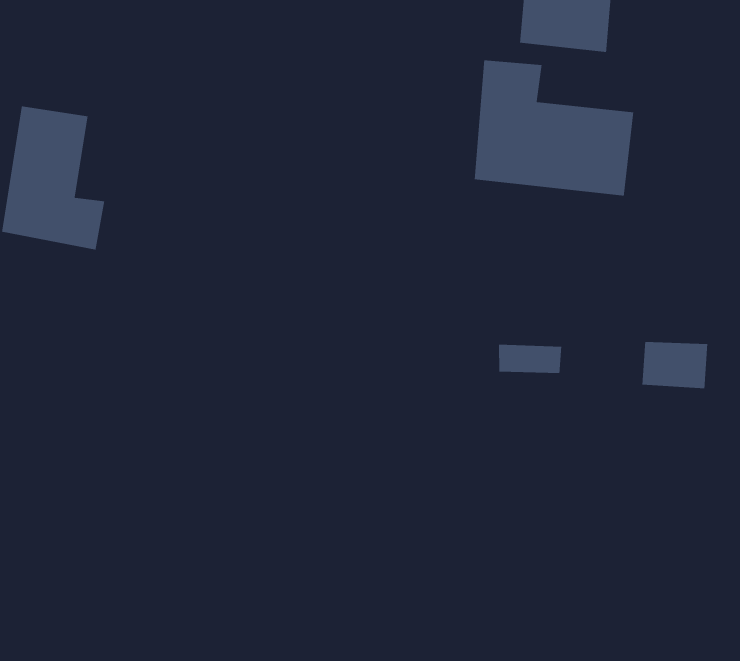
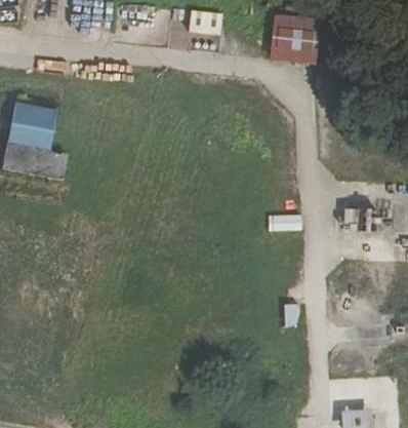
building: [474,60,634,196] -> none

